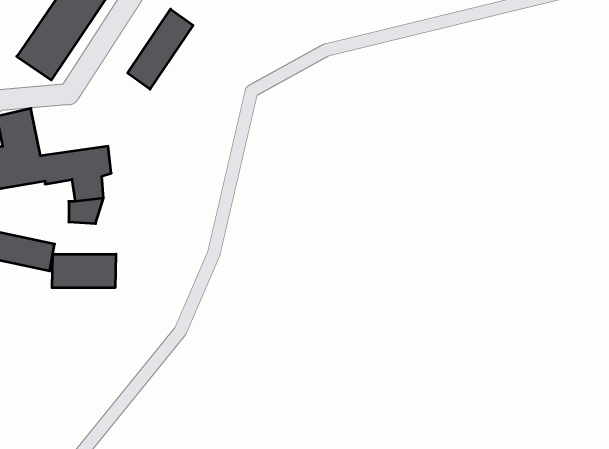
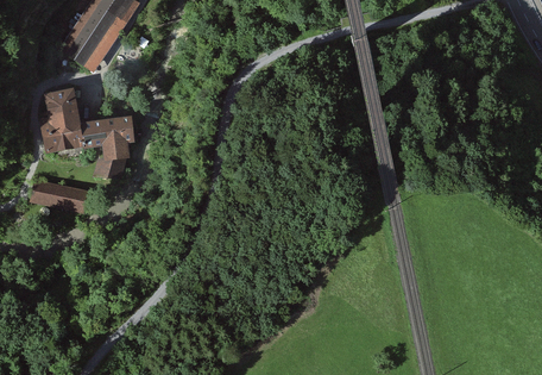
building: [128,9,193,89] -> none
building: [52,254,116,288] -> none

